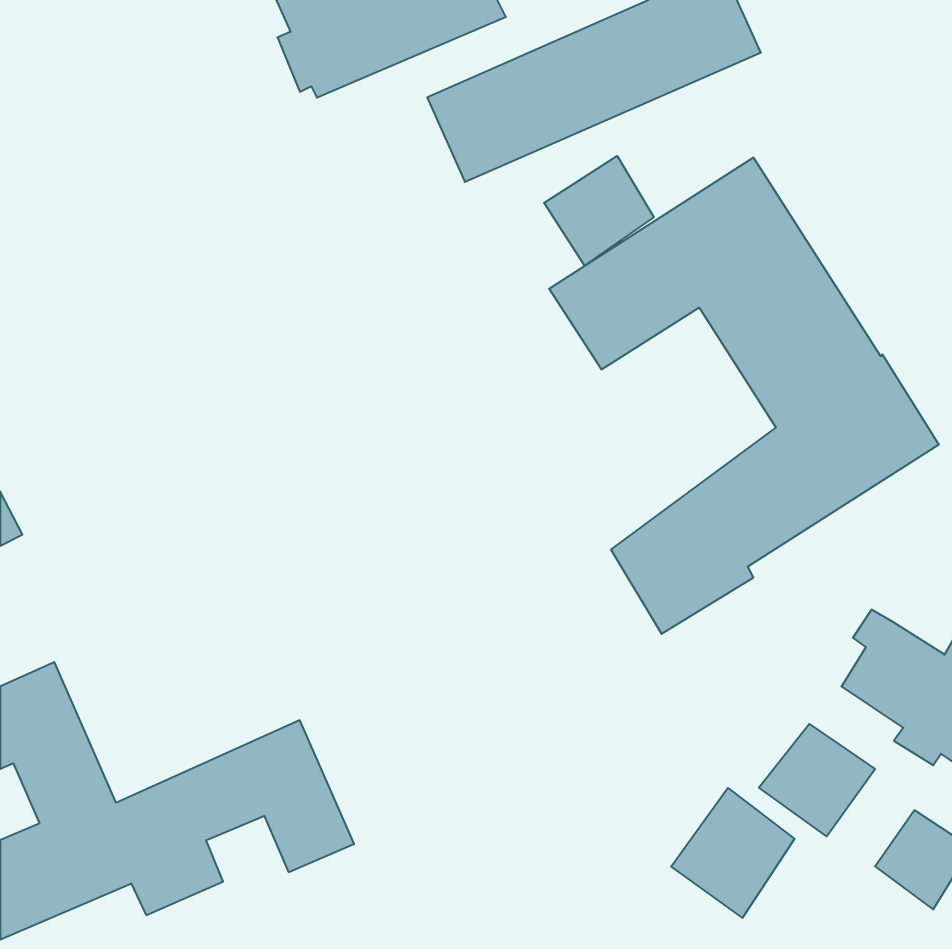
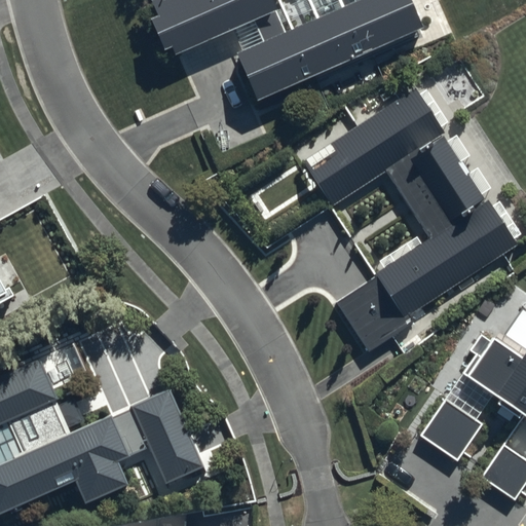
building: [544,156,654,266] -> none
building: [671,788,795,918] -> none

